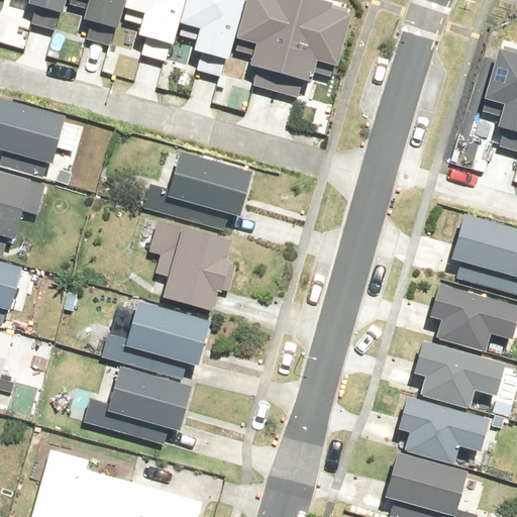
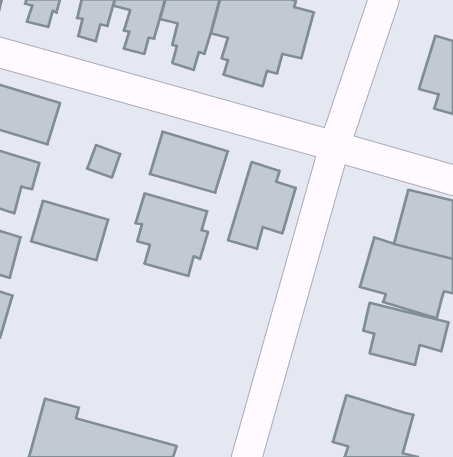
building: none -> [228,162,296,249]
building: [125,301,212,368] -> [31,201,108,260]
building: [106,365,194,432] -> none
building: [400,398,490,466] -> none

